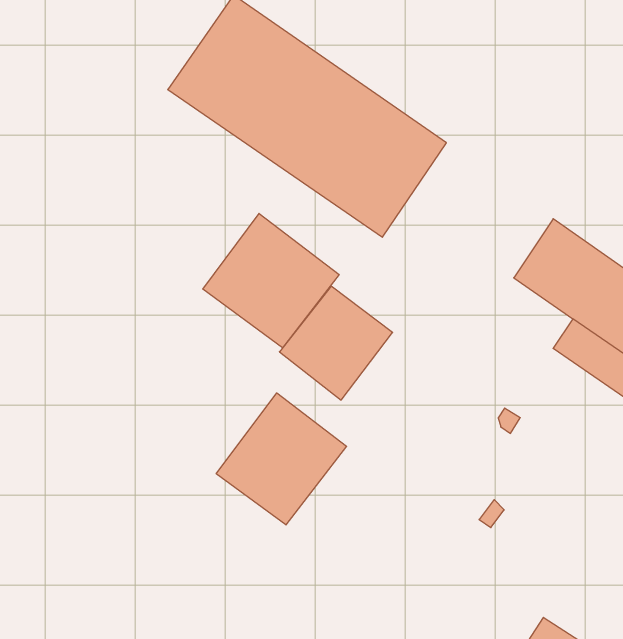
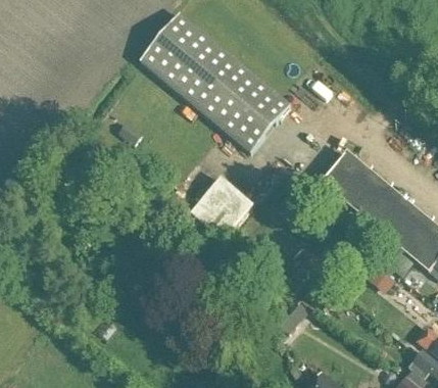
building: [203,213,339,348] -> none
building: [216,393,347,525] -> none

